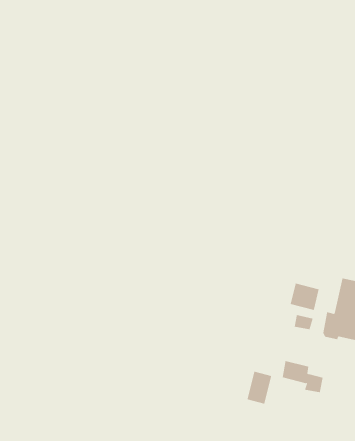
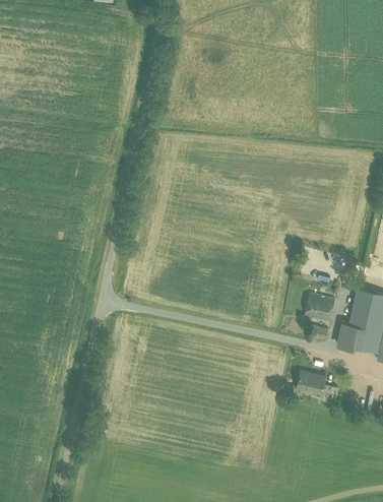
building: [247,371,272,405] -> none

